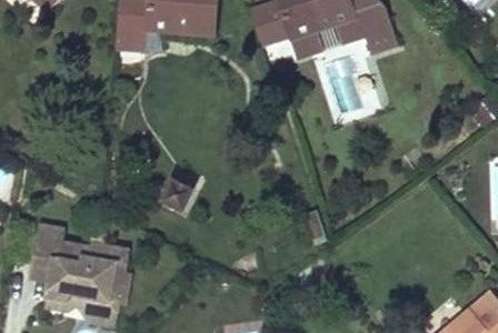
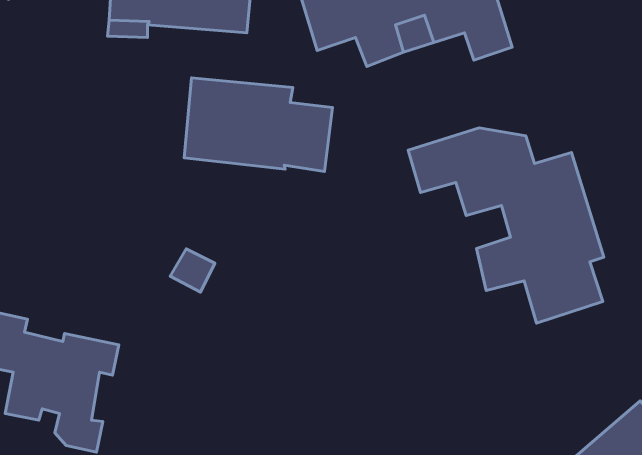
building: none -> [184,78,333,172]
building: none -> [408,128,604,323]

